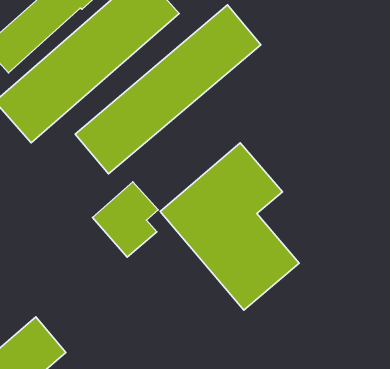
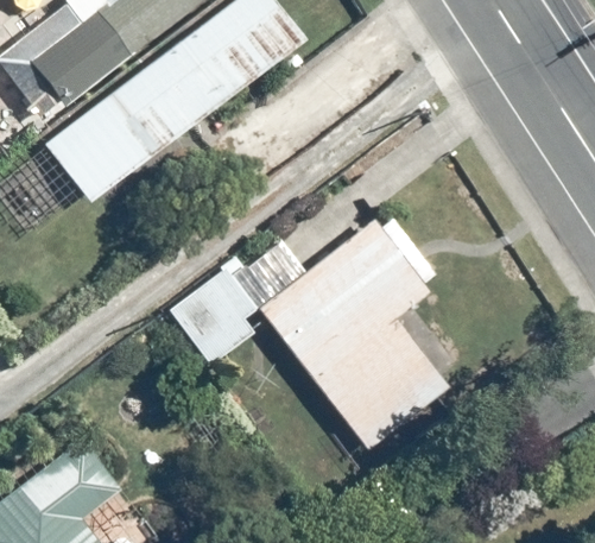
building: [75,5,261,174] -> none

